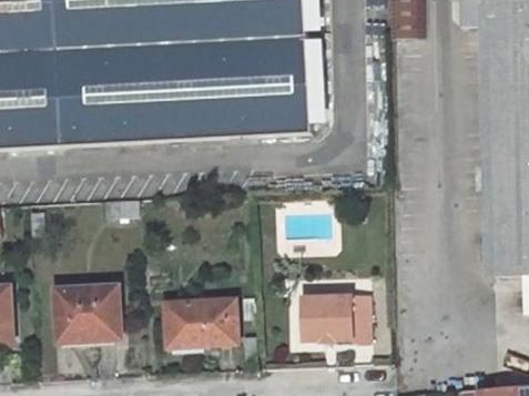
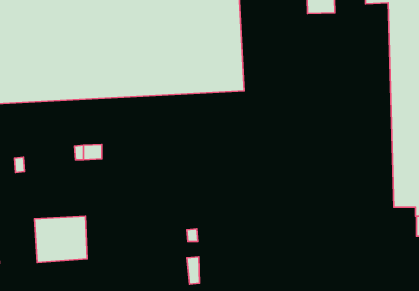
building: [303,294,373,342] -> none
building: [167,298,240,344] -> none

